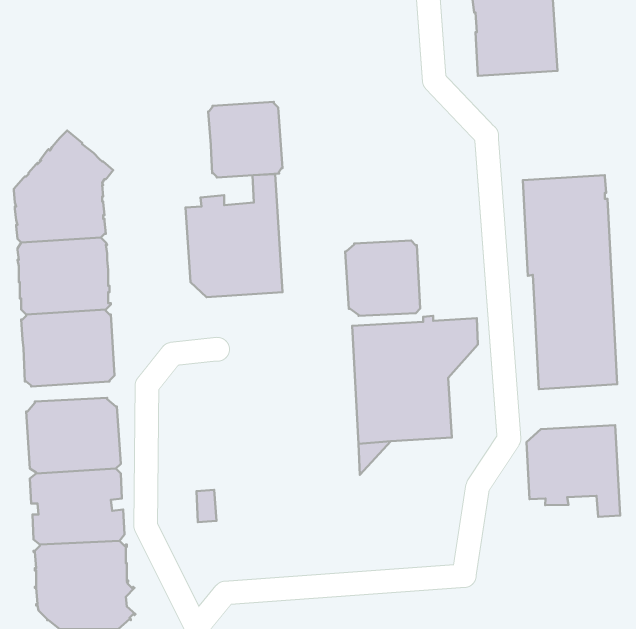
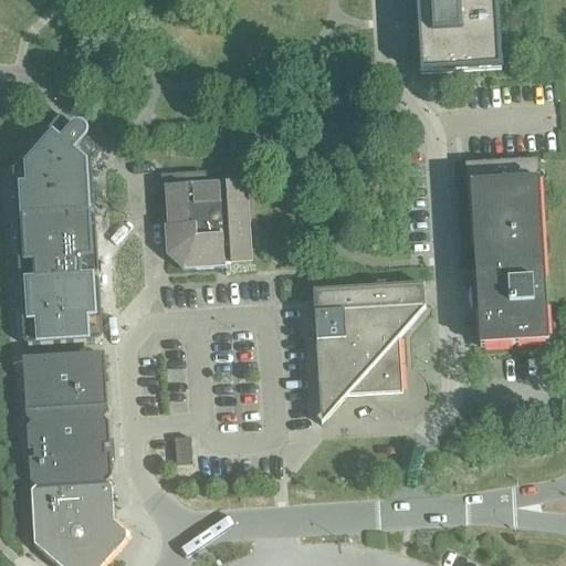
building: [208,102,282,178] -> none
building: [345,241,420,316] -> none
building: [527,425,620,517] -> none

